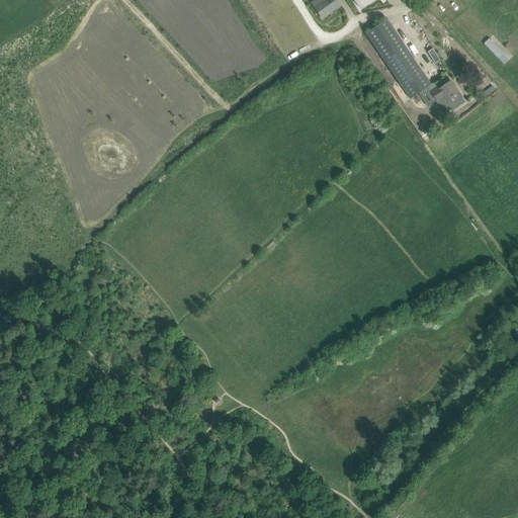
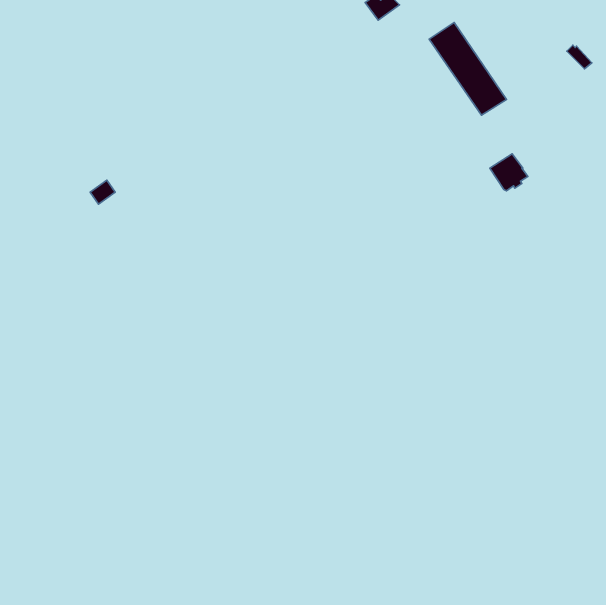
building: [431,80,463,111] -> [490,154,528,191]

